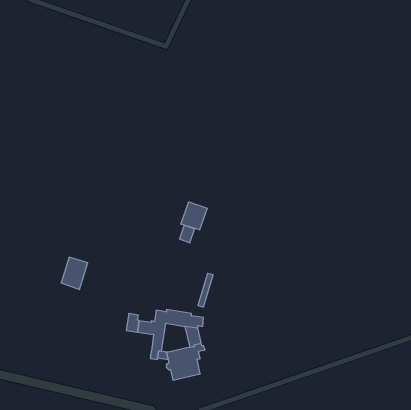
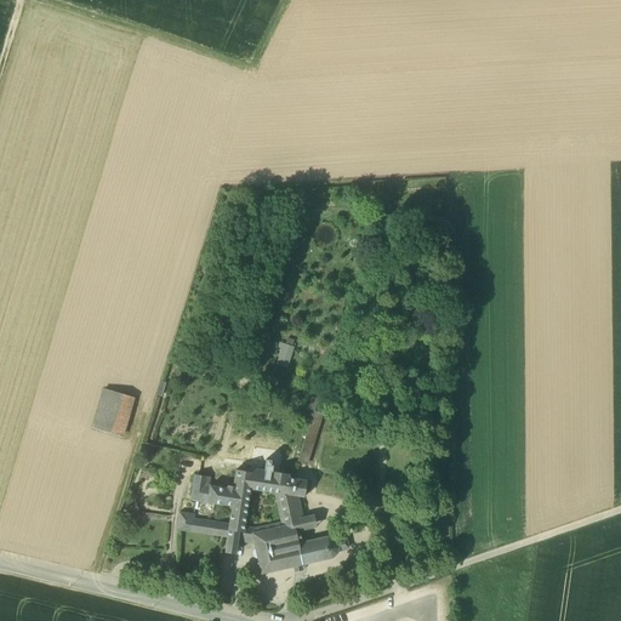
building: [181,202,207,230] -> none
building: none -> [177,512,229,536]
building: none -> [297,536,348,564]

